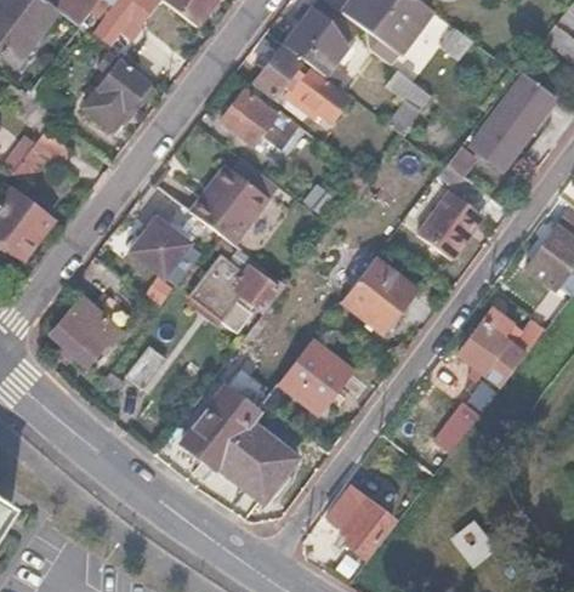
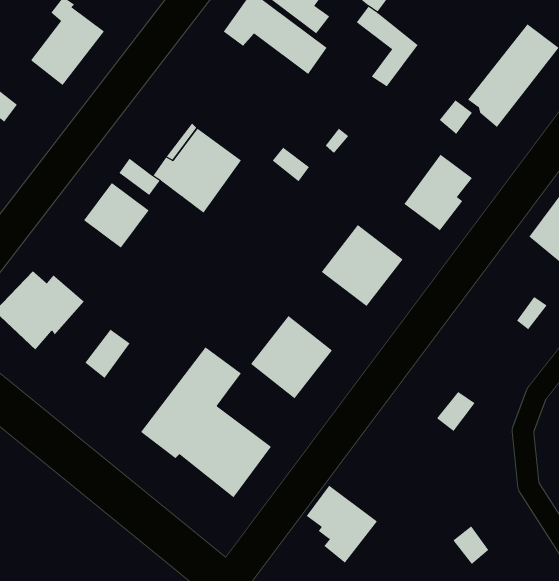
building: [221,90,300,149] -> none
building: [187,246,278,335] -> none
building: [460,311,524,387] -> none

